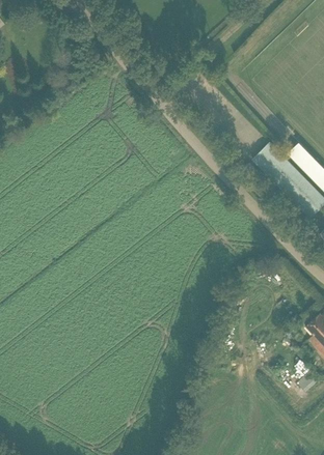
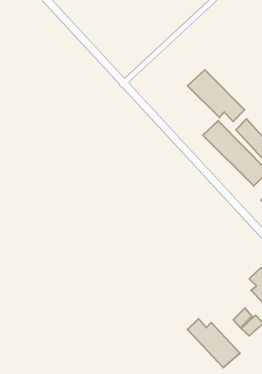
building: none -> [188,70,245,121]
building: none -> [187,319,240,368]

